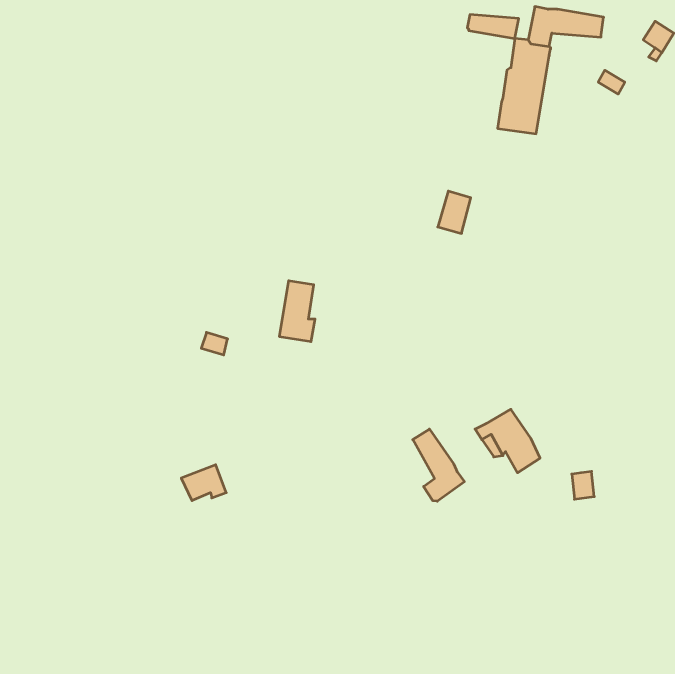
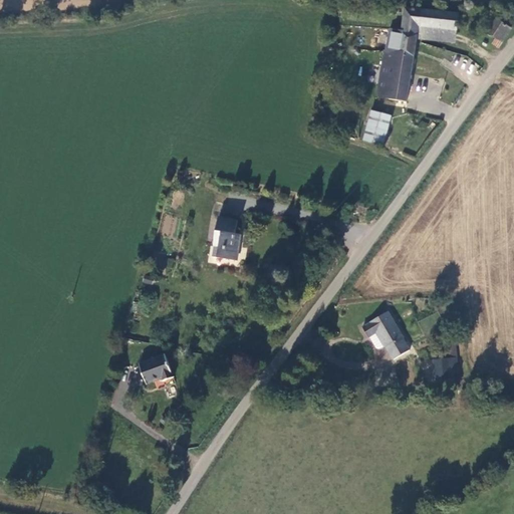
building: [467,15,519,38] -> [417,25,456,43]
building: [438,191,471,233] -> [364,111,390,144]
building: [413,429,464,501] -> none

